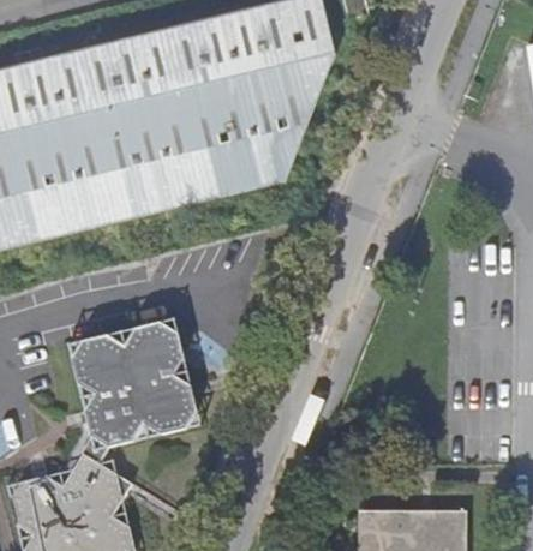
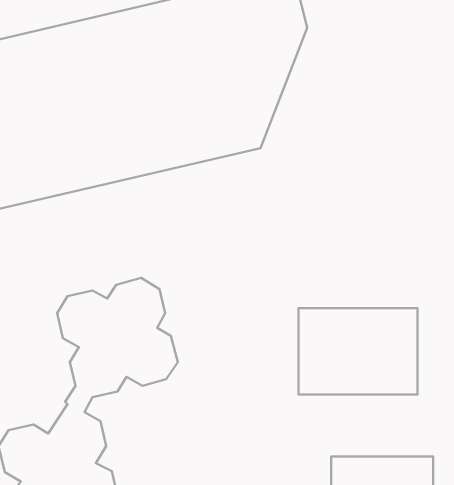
building: none -> [299,308,417,394]

